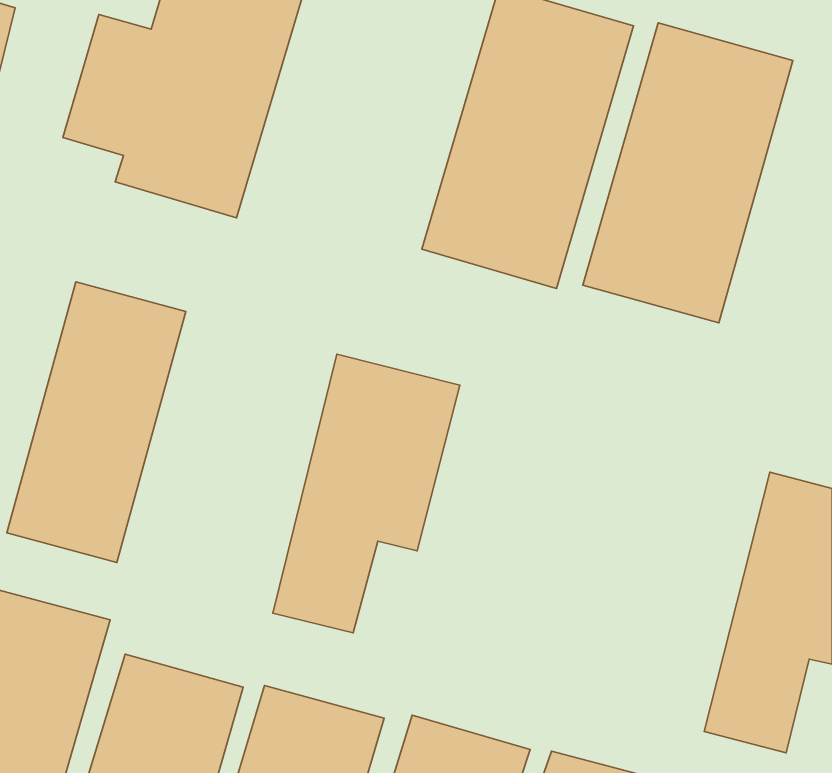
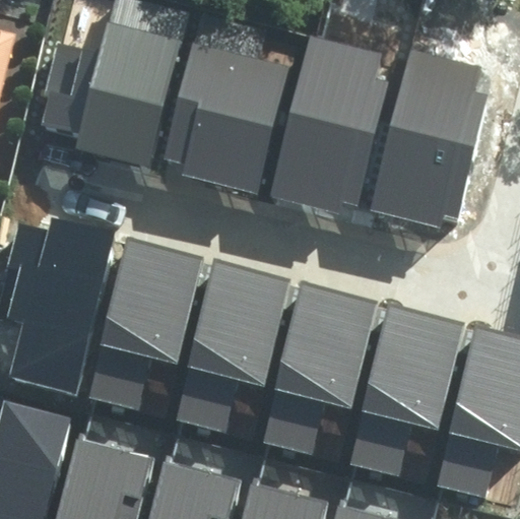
building: none -> [165,47,287,186]
building: none -> [83,238,200,410]
building: none -> [265,283,382,456]
building: none -> [355,306,472,478]

